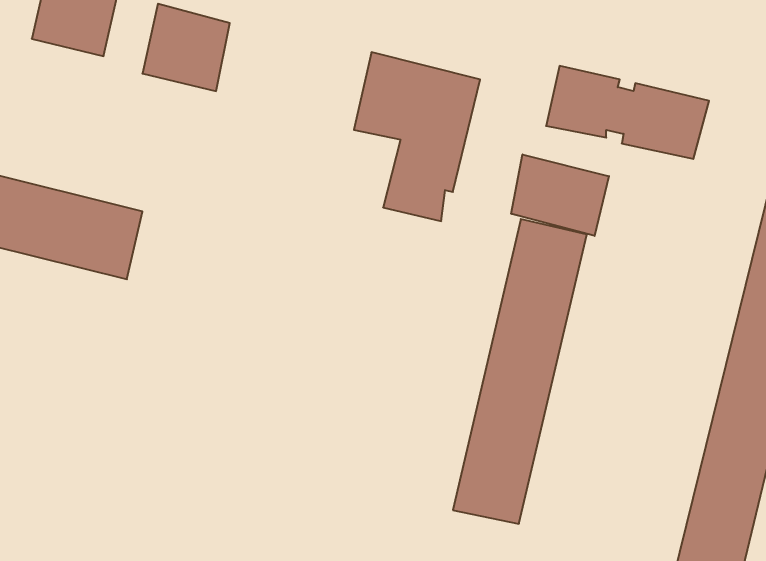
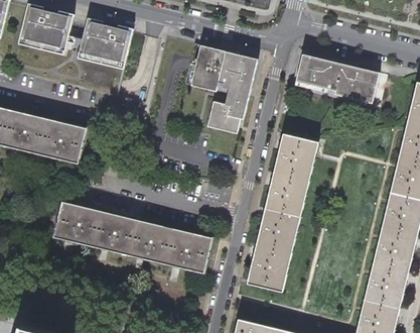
building: [511,154,609,236] -> none
building: none -> [53,202,211,274]

